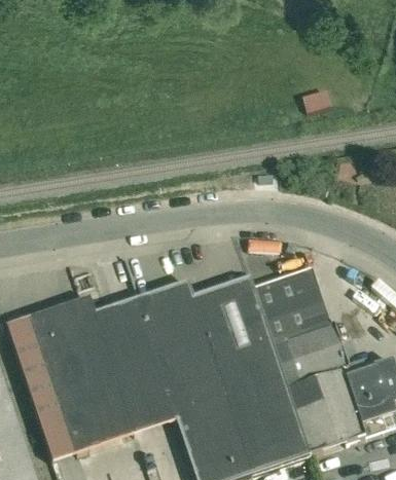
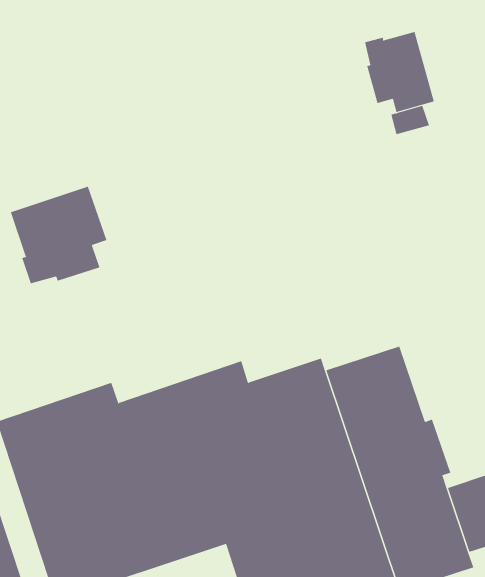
building: none -> [364,31,434,113]
building: none -> [10,186,107,284]

